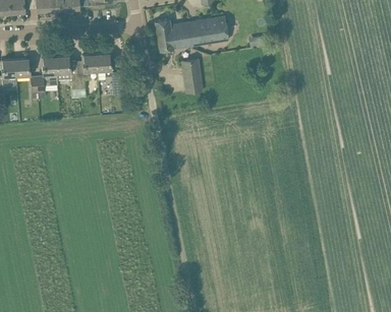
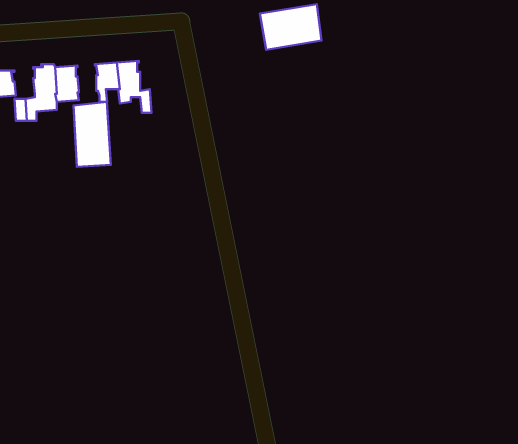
building: [154,18,192,51] -> none
building: [181,59,202,93] -> none
building: none -> [73,102,111,167]

